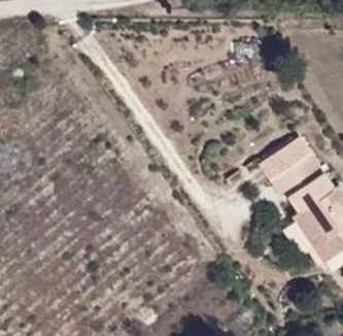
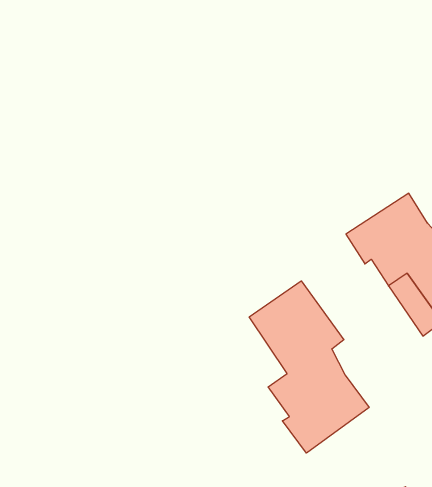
building: none -> [249,281,369,453]

